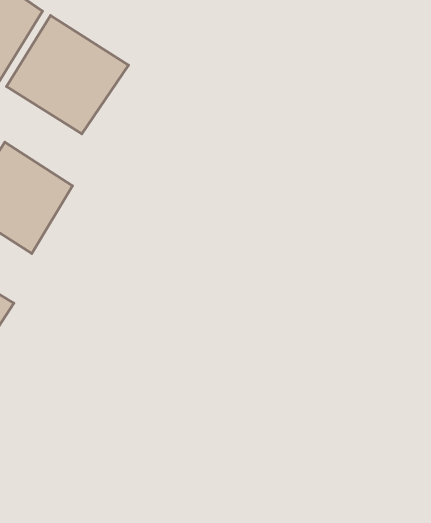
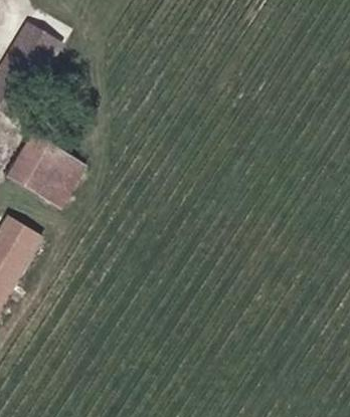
building: [7,15,129,134] -> none

